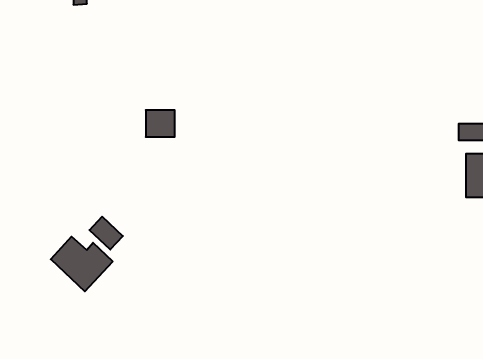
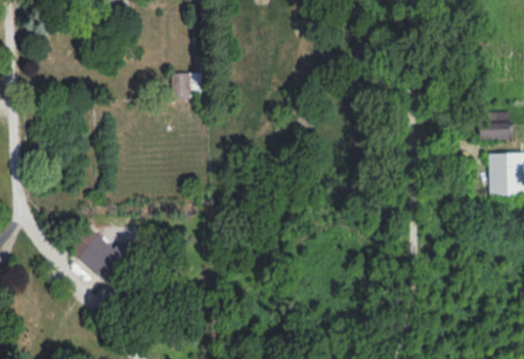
building: [146,110,175,137] -> [171,73,200,99]
building: [89,217,123,250] -> none

